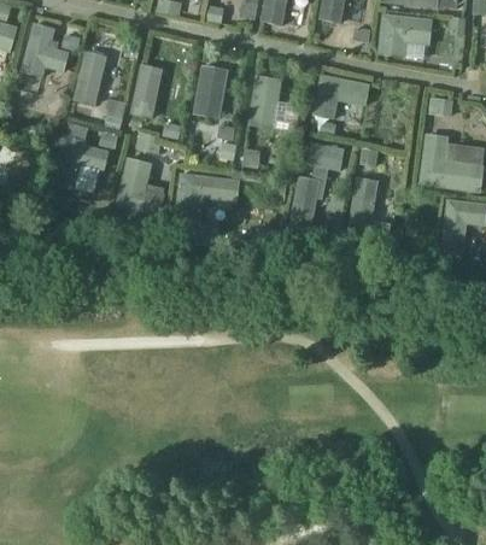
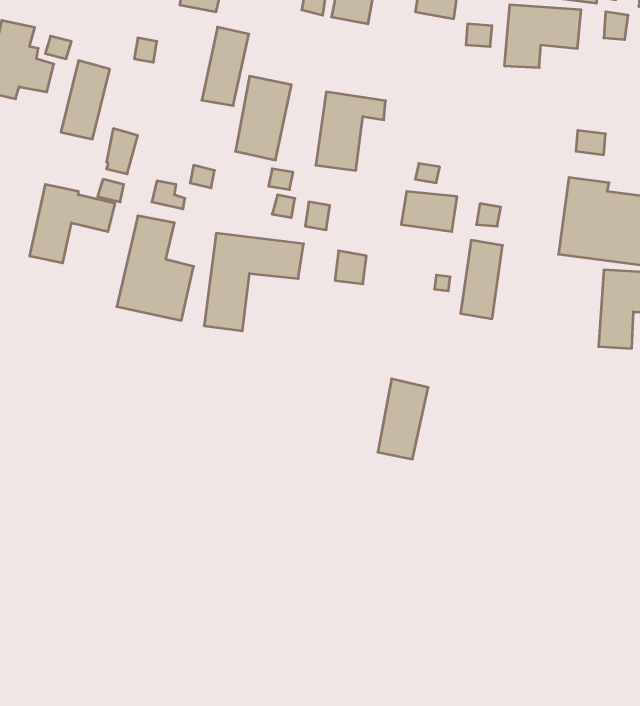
building: [129,64,162,118] -> [202,27,249,106]
building: [311,71,373,117] -> none
building: [289,171,324,227] -> [378,379,428,459]

